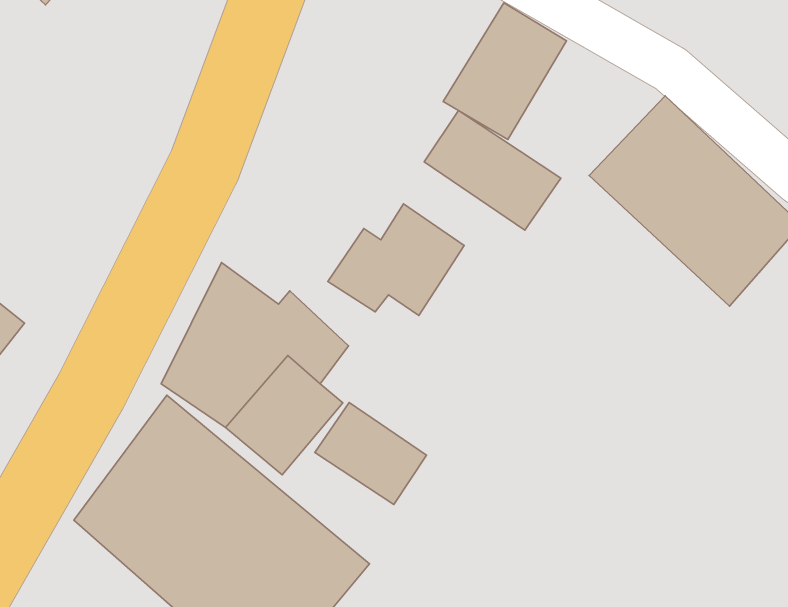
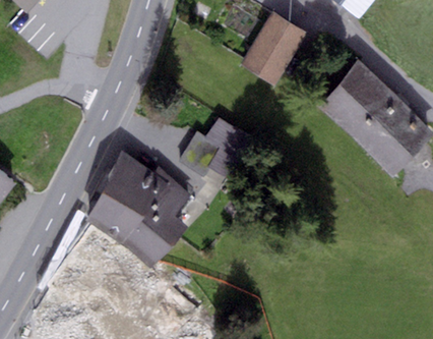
building: [424,110,561,230] -> none
building: [315,403,427,504] -> none

